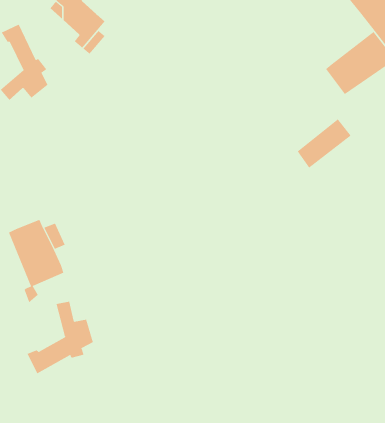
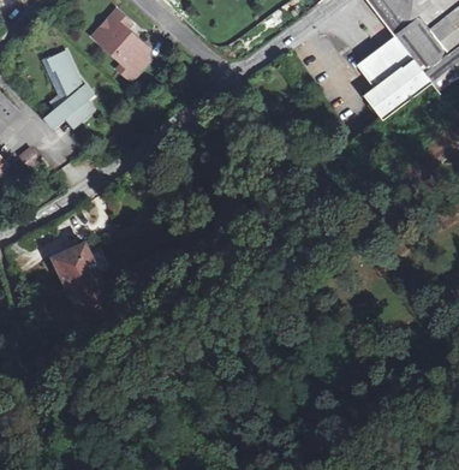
building: [297,118,352,168] -> [358,40,412,89]
building: [27,301,93,374] -> none

